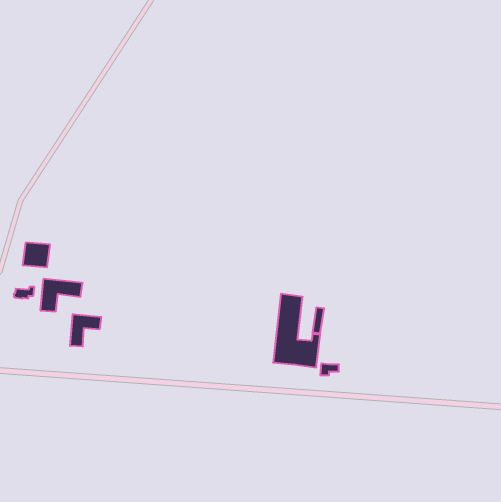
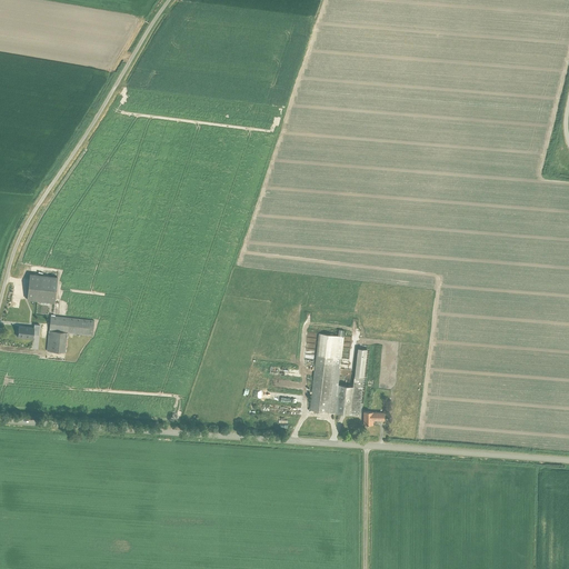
building: [70,314,101,347] -> none

